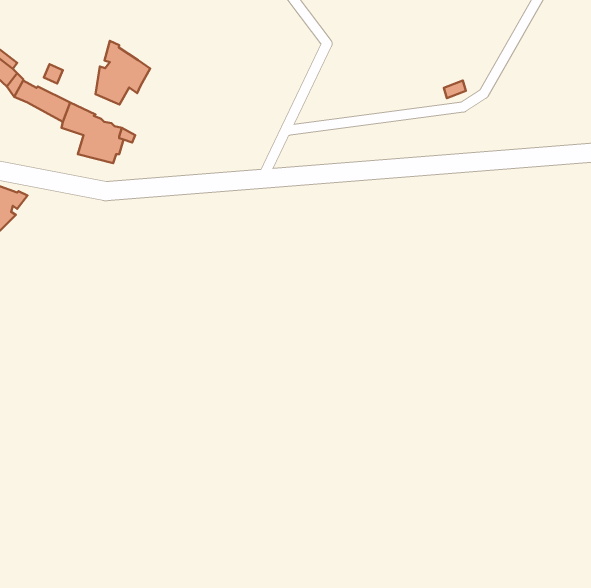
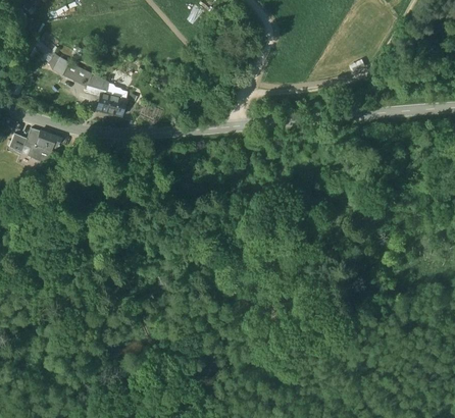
building: [95,41,150,105] -> none

